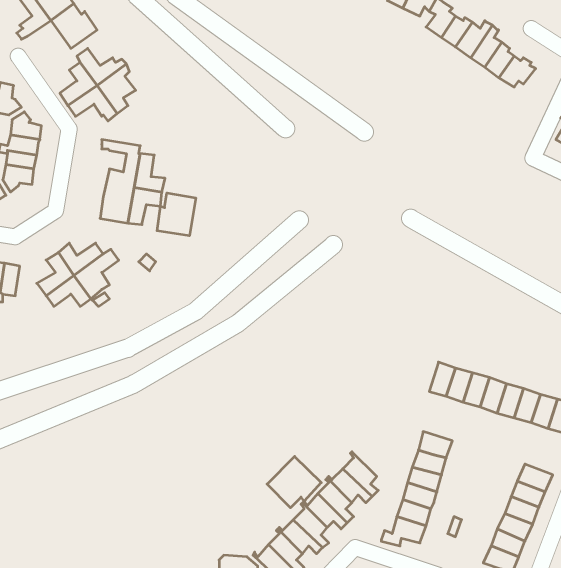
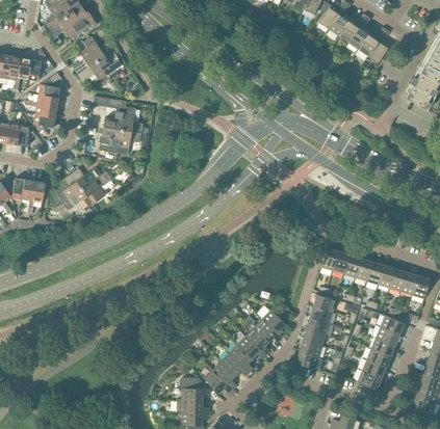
building: none -> [46,18,80,46]
building: [157,193,196,236] -> none
building: [267,456,321,508] -> none

